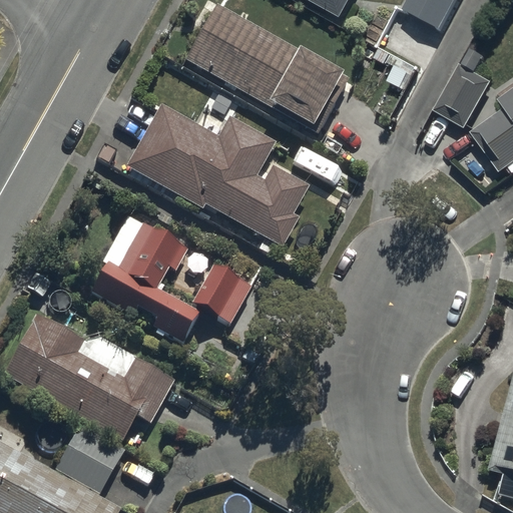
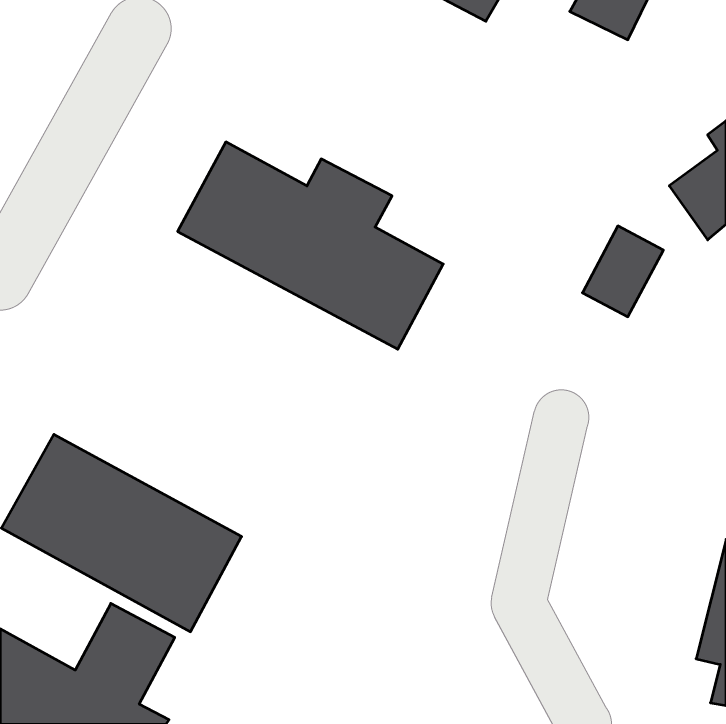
building: [185,4,349,133] -> none
building: [436,62,493,126] -> [582,226,663,317]
building: [89,219,251,345] -> none

